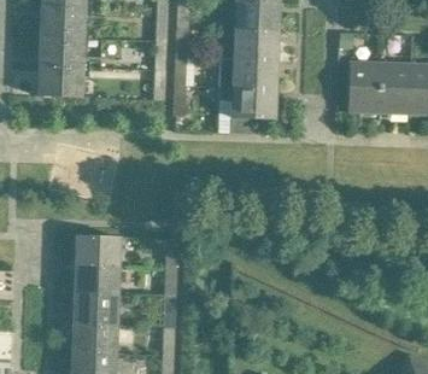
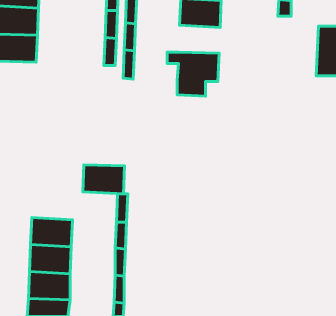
building: [221,58,277,88] -> none
building: [347,58,382,112] -> none
building: [76,235,121,267] -> [83,165,125,194]

